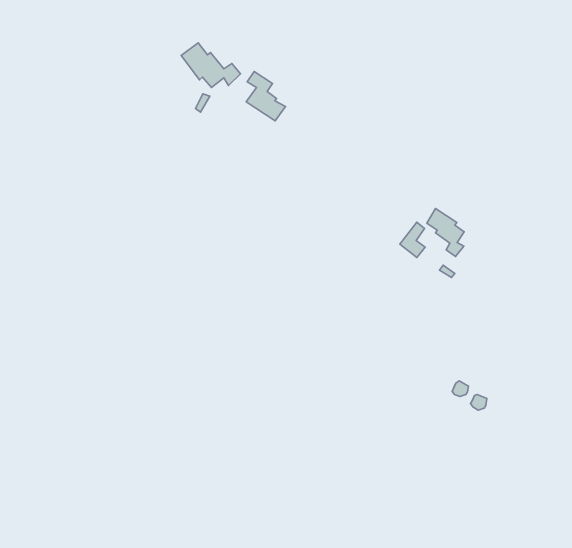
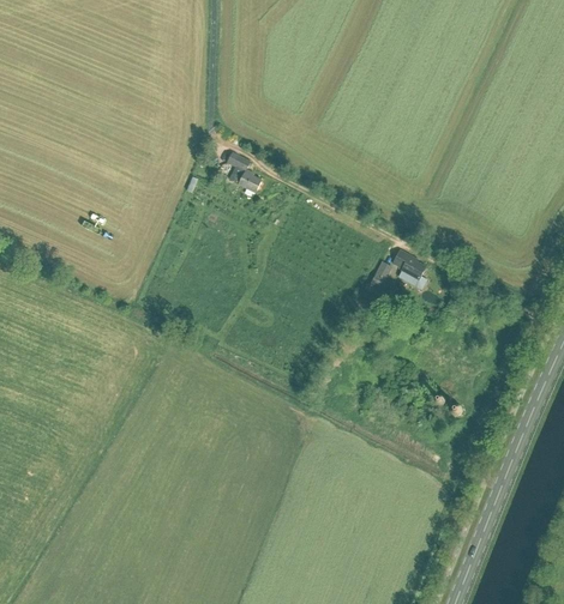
building: [181,43,241,88] -> none

